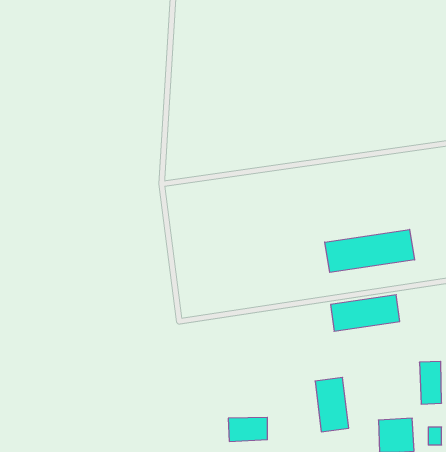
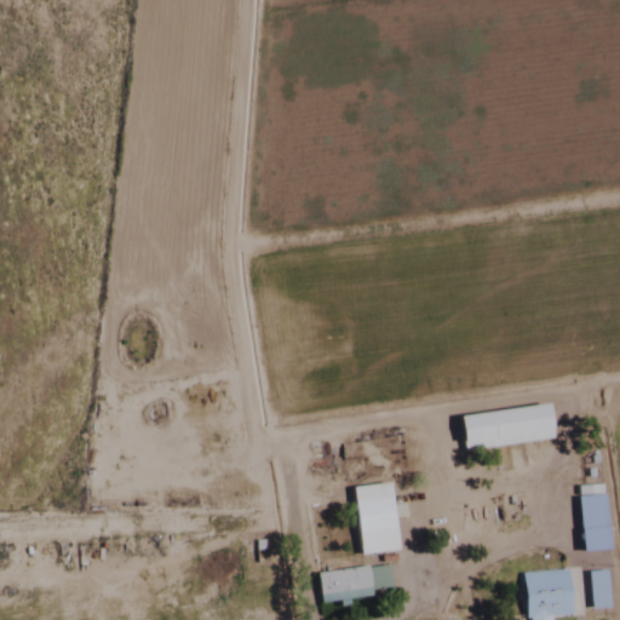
building: [325,229,415,272] -> none
building: [315,377,349,432] -> [356,482,402,556]

